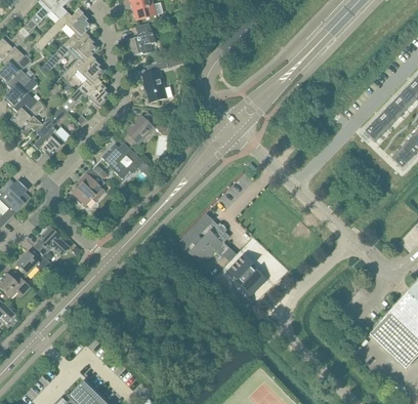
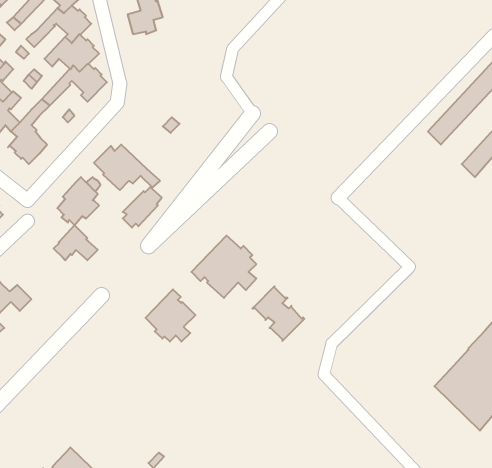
building: [142,59,172,102] -> none
building: [125,112,156,144] -> [123,187,162,228]
building: [34,227,69,254] -> [54,225,98,260]
building: none -> [146,289,195,342]

